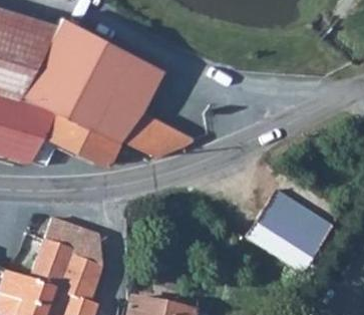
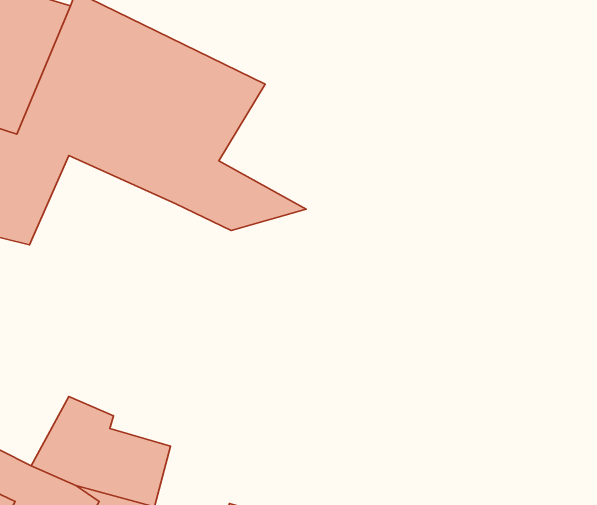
building: [24,106,109,165] -> none
building: [240,191,327,274] -> none
building: [49,221,106,270] -> none

